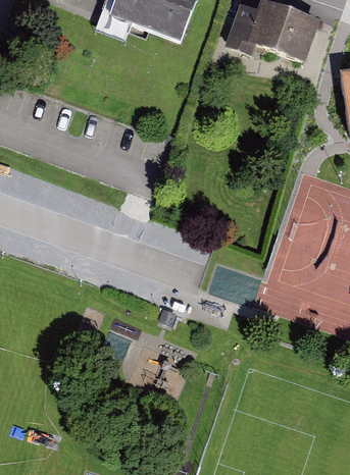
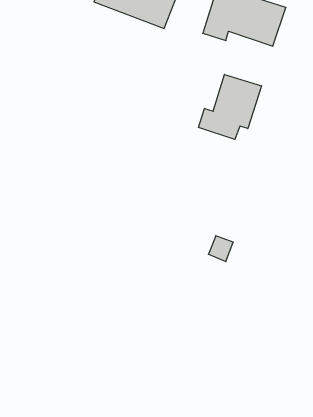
building: none -> [199,74,261,139]

